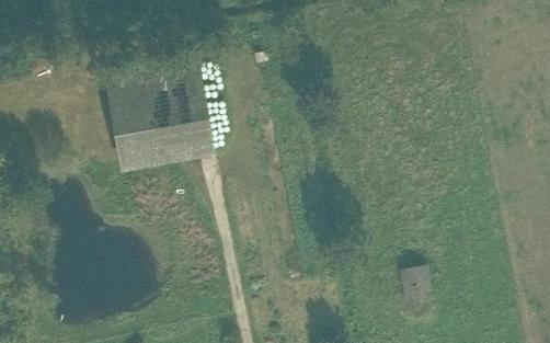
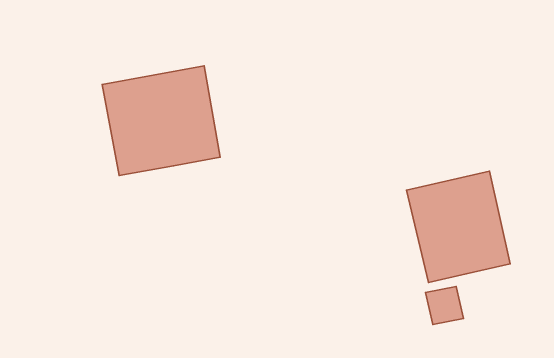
building: none -> [407,171,510,283]

